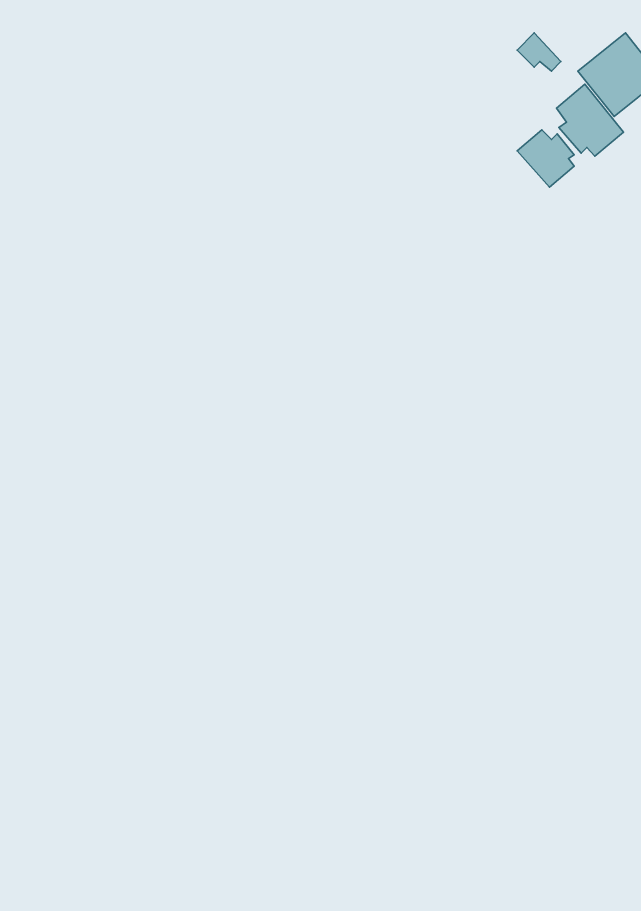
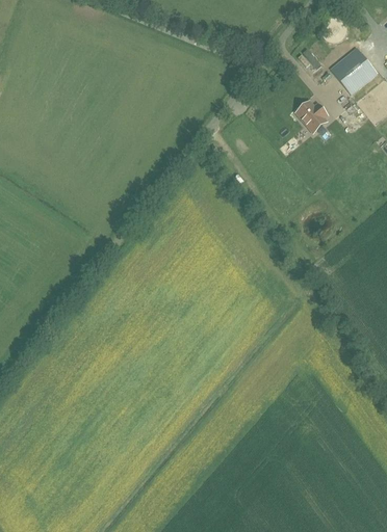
building: [556,84,623,156] -> none

